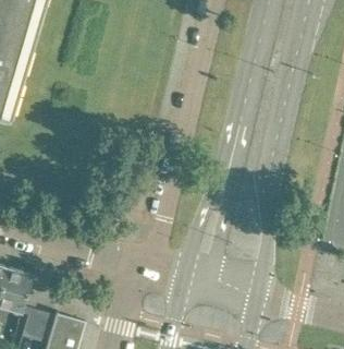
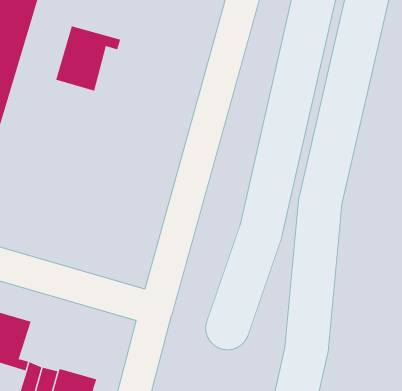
building: none -> [55,25,121,91]

